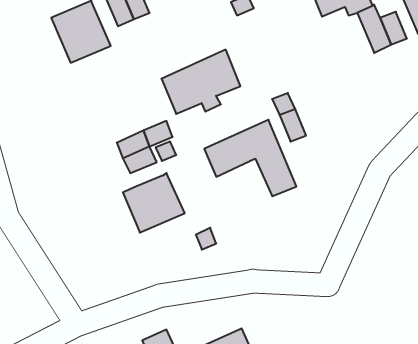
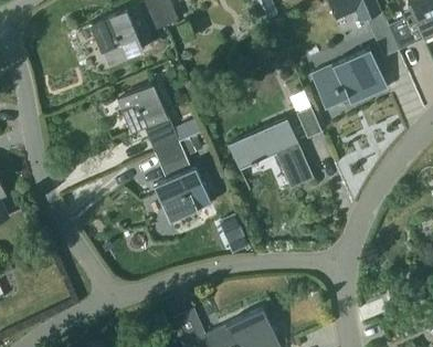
building: [161,50,240,114] -> [311,49,383,107]
building: none -> [117,84,168,133]

